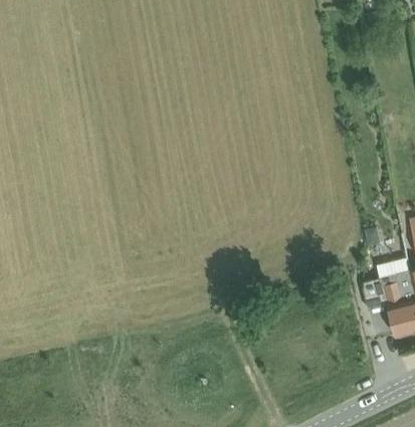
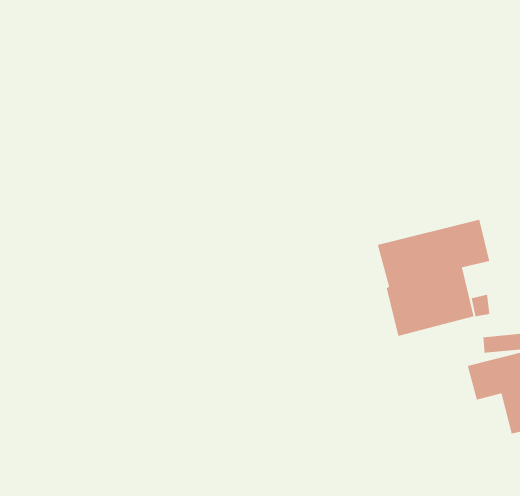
building: none -> [377,219,490,337]

